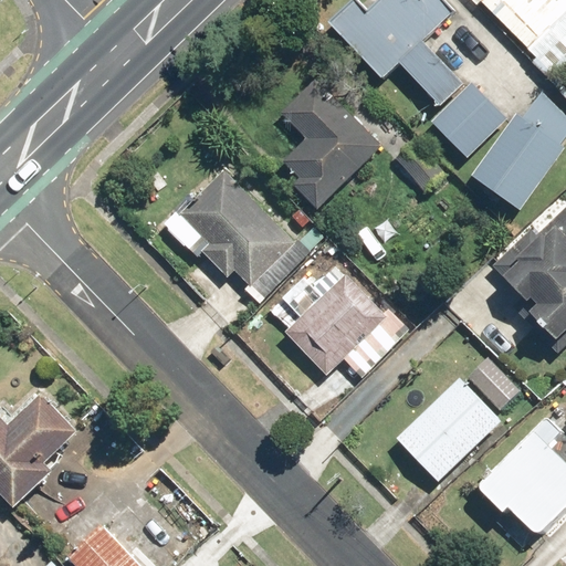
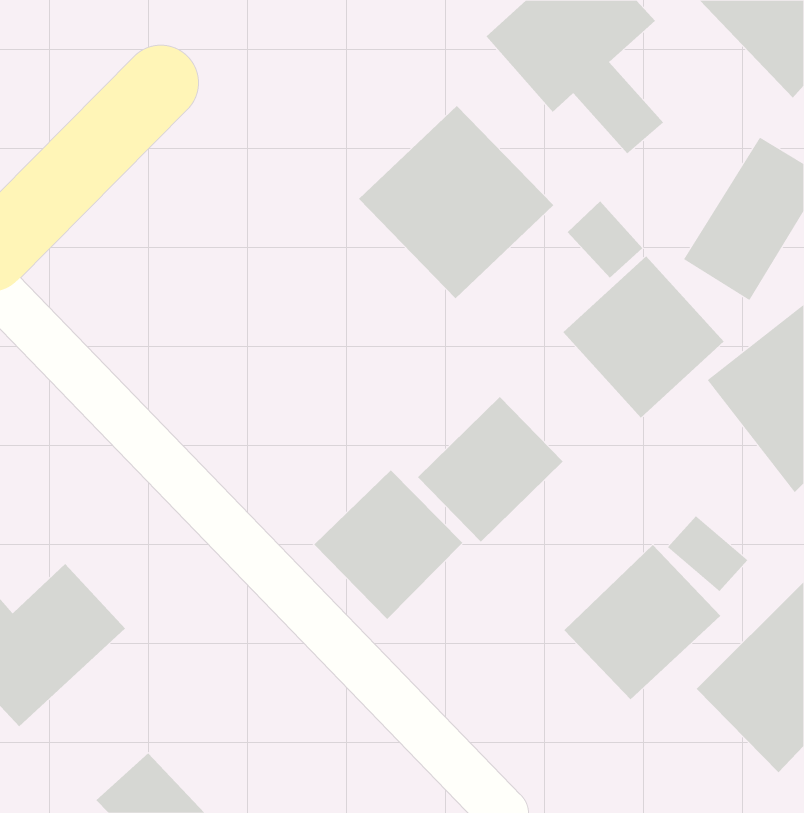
building: [431,86,503,157] -> none
building: [182,172,296,289] -> none
building: none -> [563,255,724,419]
building: none -> [313,469,463,620]

